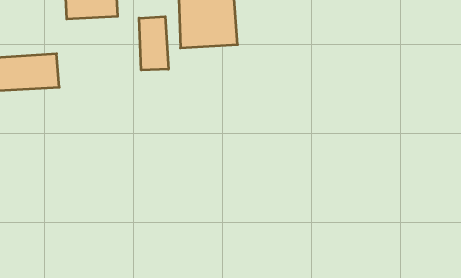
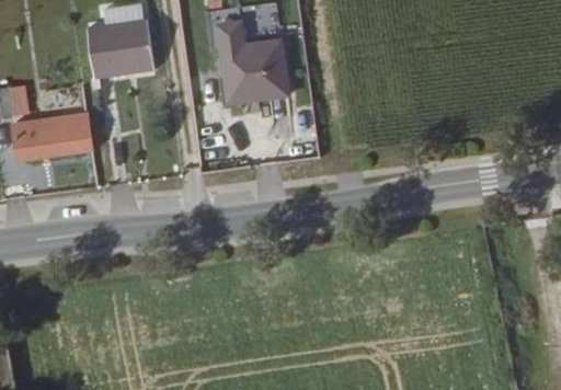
building: [139,17,168,70] -> none

